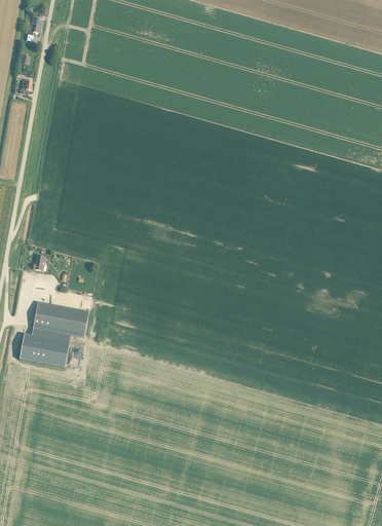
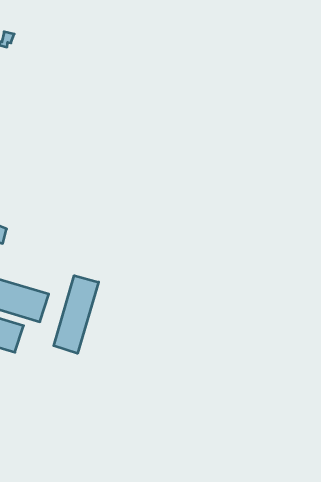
building: none -> [54,276,99,353]

